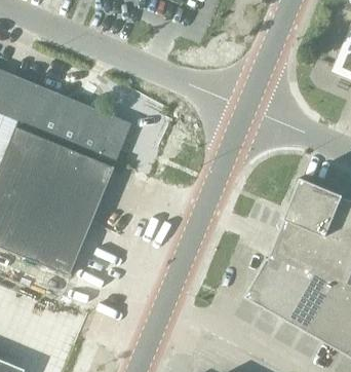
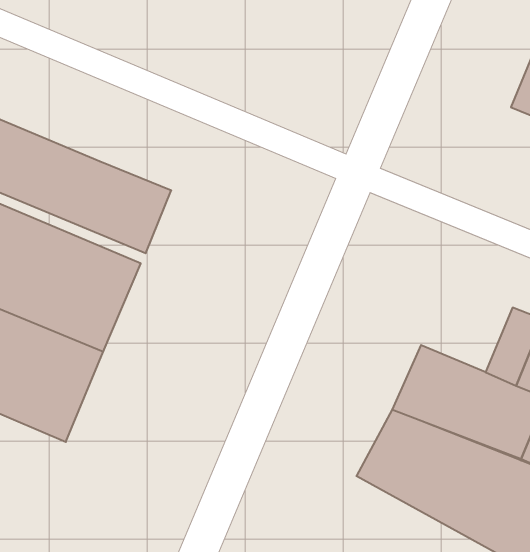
building: [282,179,338,234] -> none

